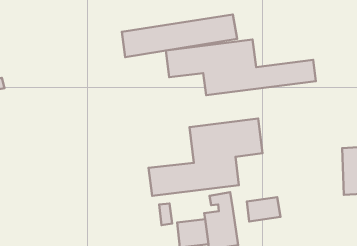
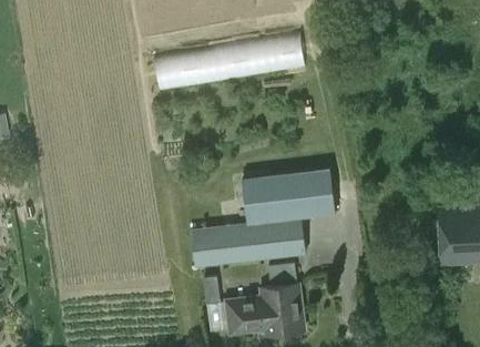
building: [166,40,316,95] -> none
building: [247,197,281,221] -> none

